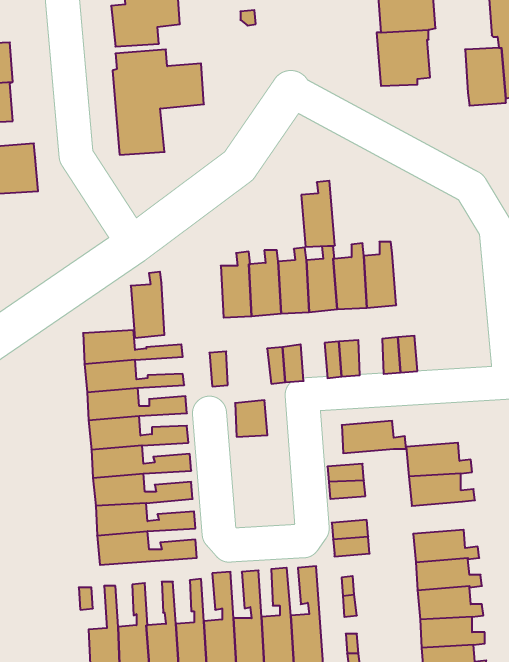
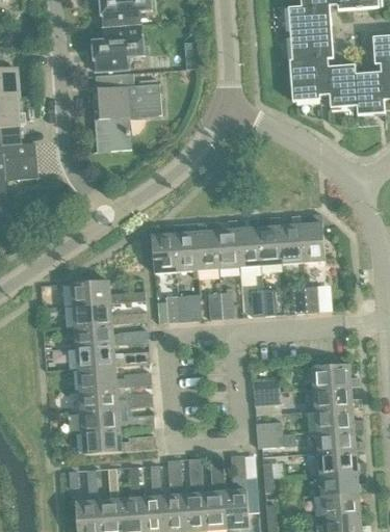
building: none -> [326,64,356,108]
building: [301,181,335,247] -> [300,214,324,263]
building: [131,272,164,338] -> [150,225,175,274]
building: [235,400,267,437] -> [177,295,201,322]
building: [342,421,406,453] -> [314,408,362,432]

